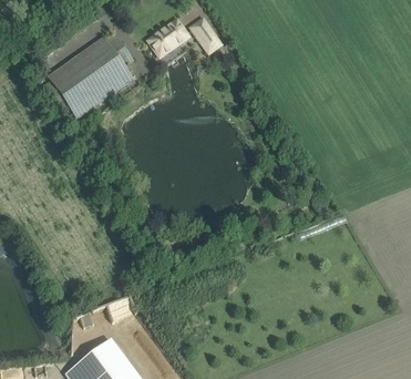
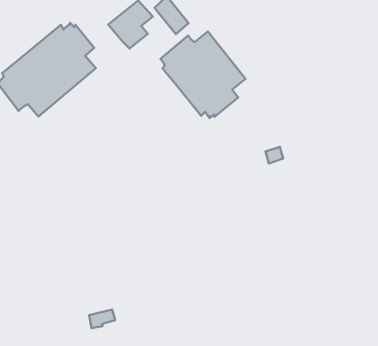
building: none -> [161,32,246,118]

